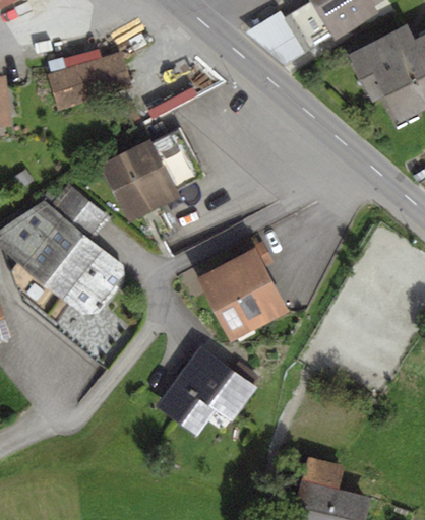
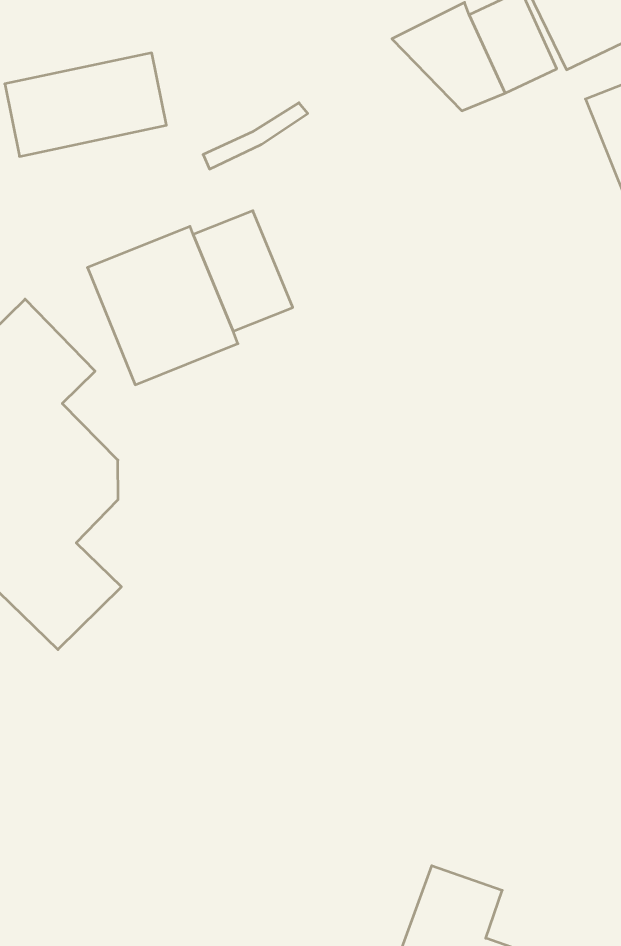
building: [195,241,290,342] -> none
building: [156,344,258,436] -> none

